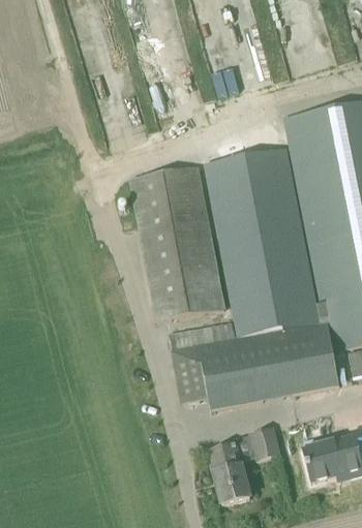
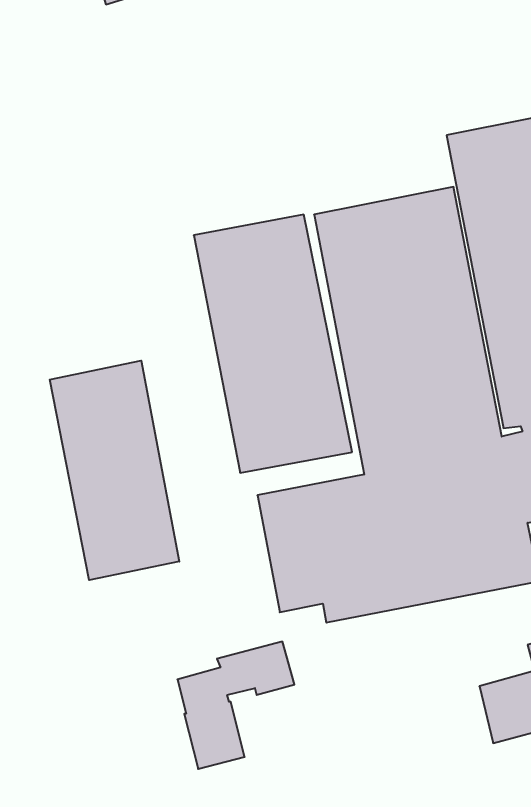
building: none -> [50,361,179,580]
building: [209,427,279,503] -> [177,642,294,769]

